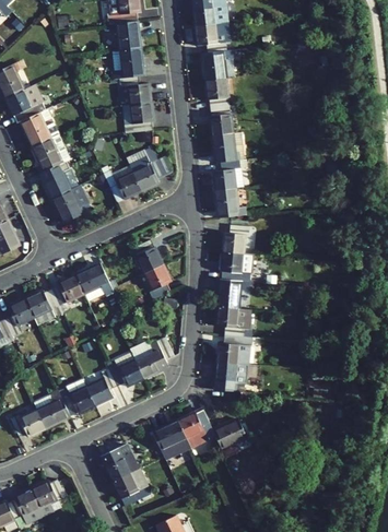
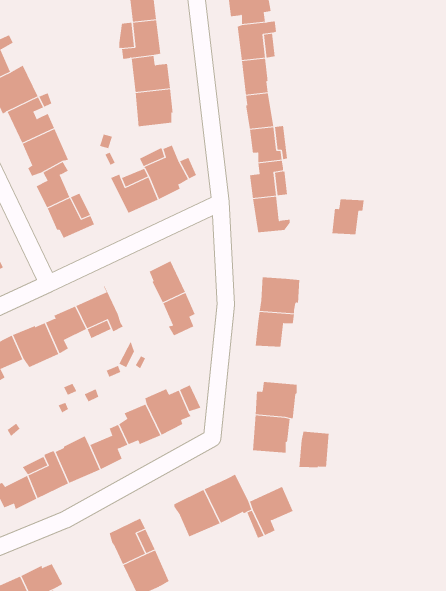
building: [223,225,249,253] -> [331,199,365,235]
building: [216,307,251,338] -> none
building: none -> [299,431,329,468]

